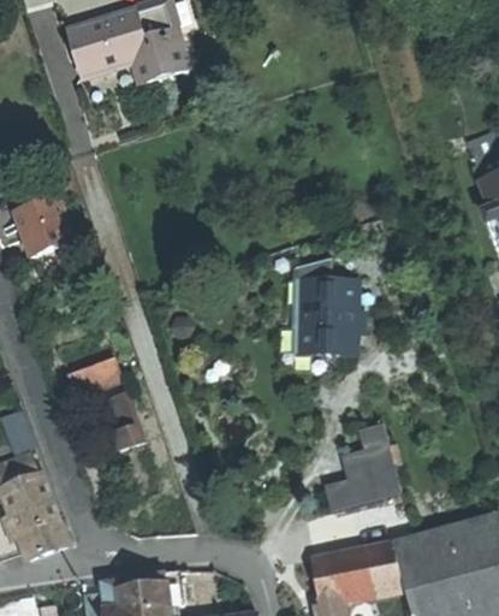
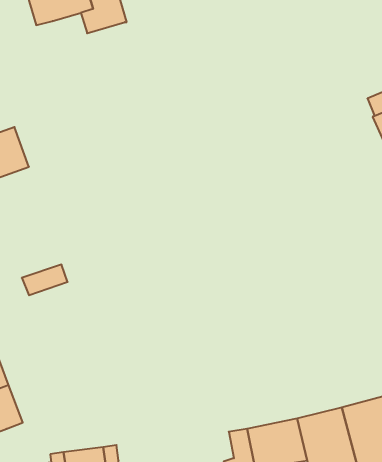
building: [293,272,357,353] -> none
building: [108,391,144,452] -> none
building: [317,443,404,514] -> none

